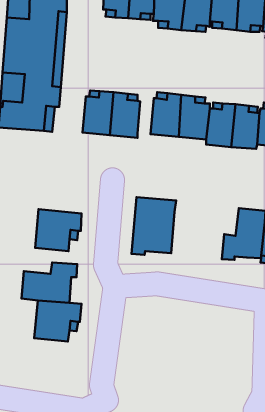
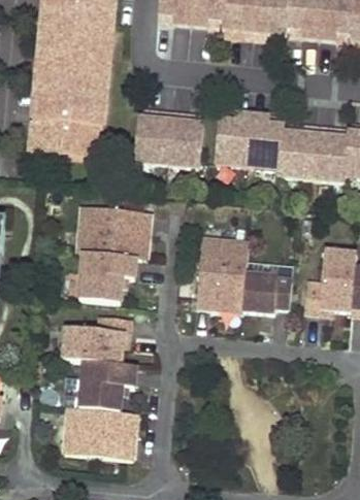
building: none -> [76,205,149,258]
building: none -> [241,255,293,310]
building: none -> [65,406,134,458]

